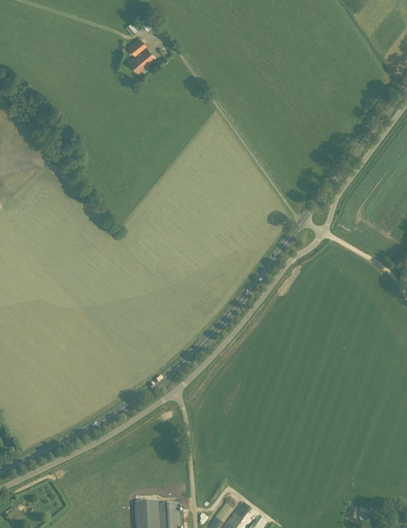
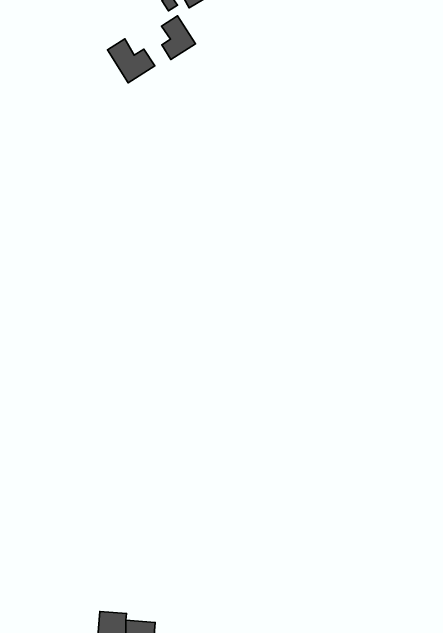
building: none -> [108,39,155,83]

